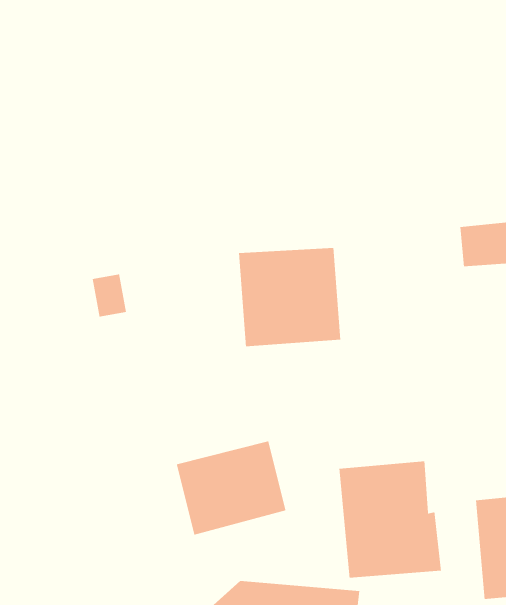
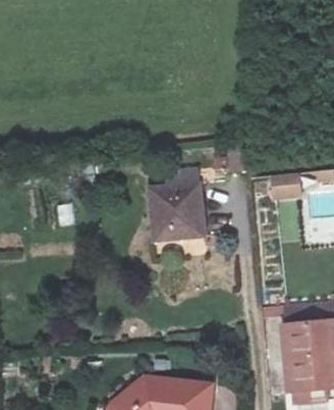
building: [176,440,286,535] -> none
building: [339,461,441,578] -> none

